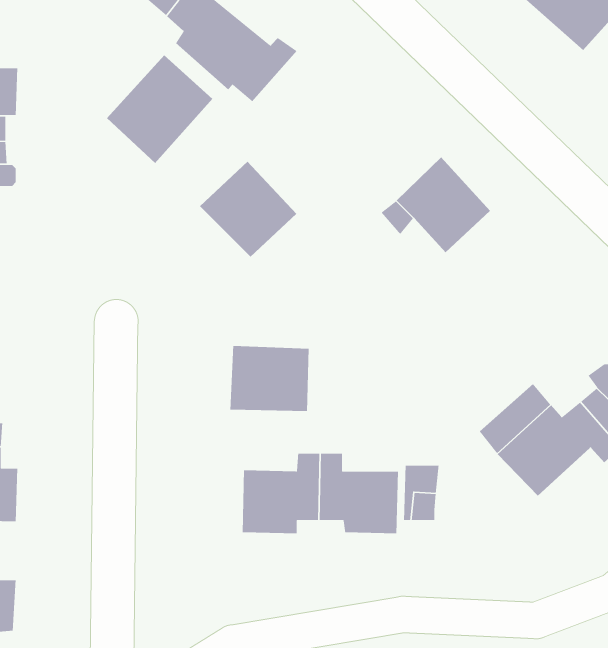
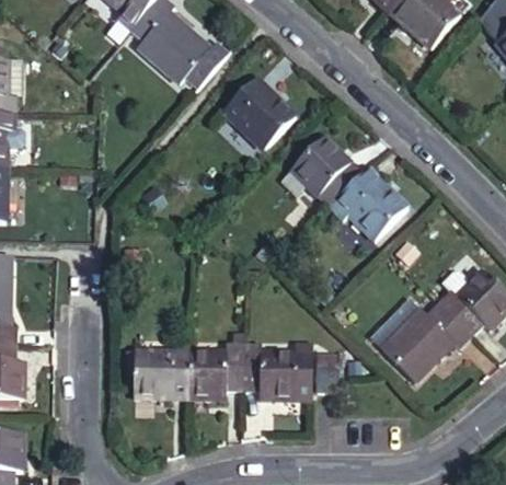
building: [106,55,213,164] -> none
building: [199,161,297,258] -> [220,79,291,149]
building: none -> [335,168,414,228]
building: [229,345,309,412] -> [130,353,188,401]

